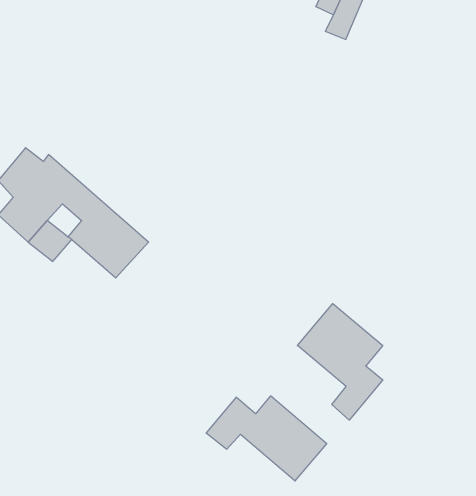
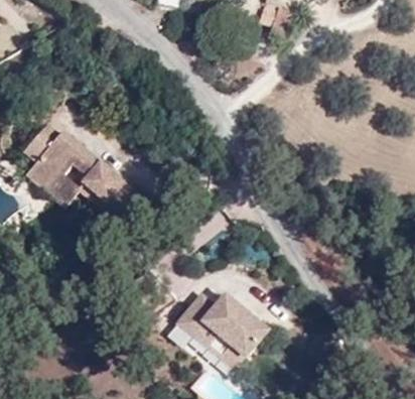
building: [297,304,383,420] -> none

